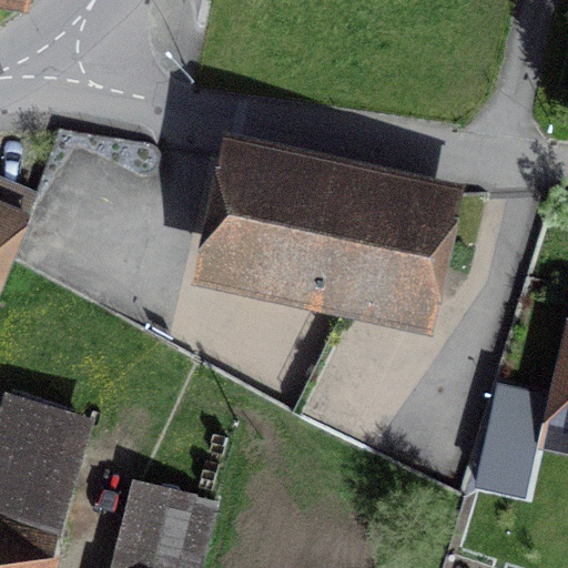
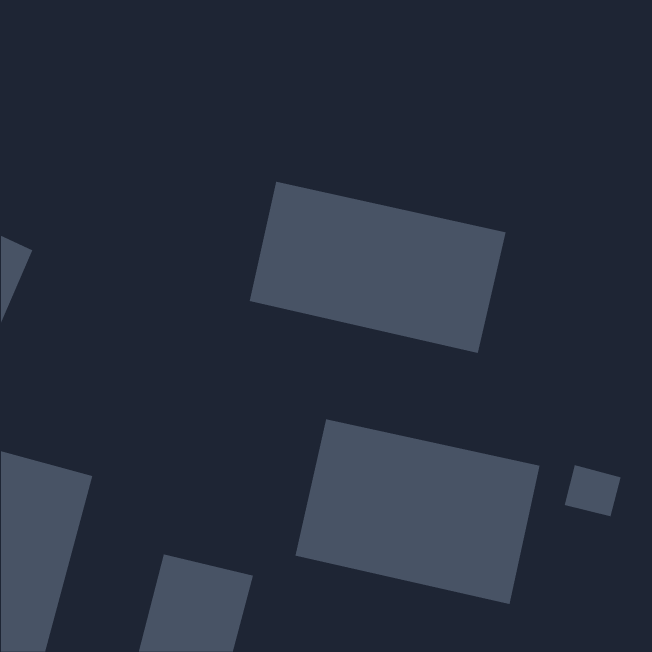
building: none -> [295,419,540,605]

